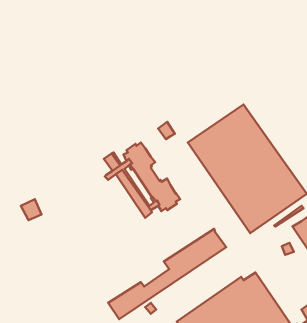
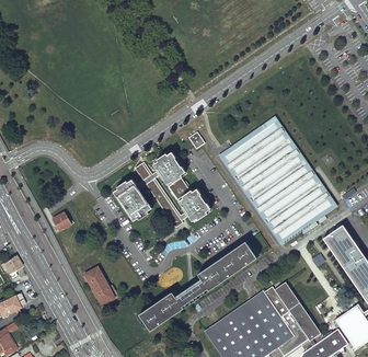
building: none -> [113,180,151,221]
building: none -> [82,264,114,304]

